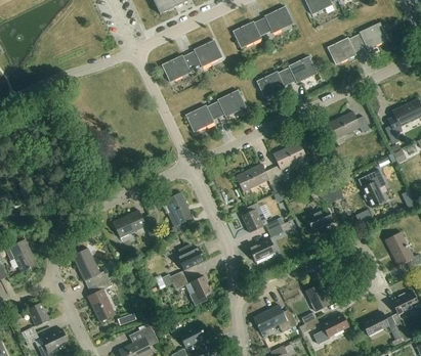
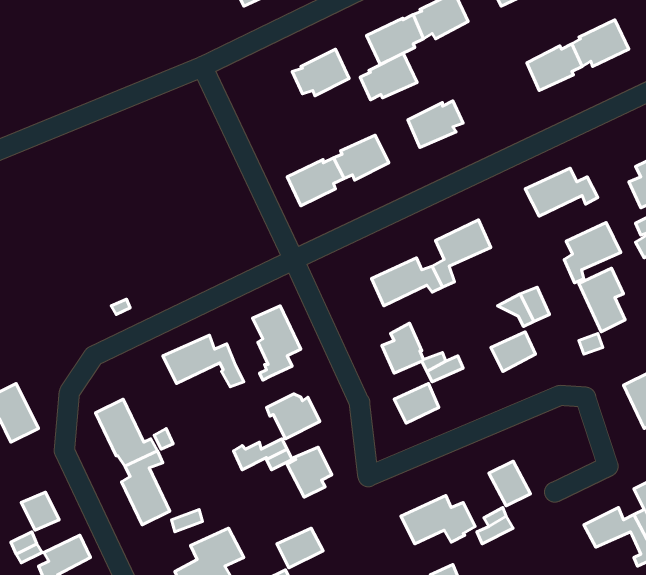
building: [162,53,195,82] -> none
building: [284,56,318,84] -> [360,53,417,100]
building: none -> [564,223,621,283]
building: [314,313,349,344] -> none

